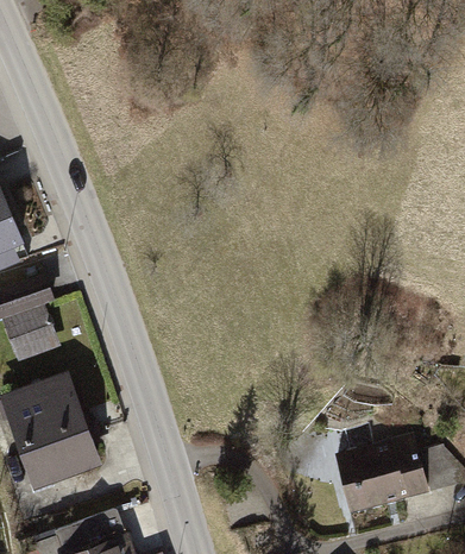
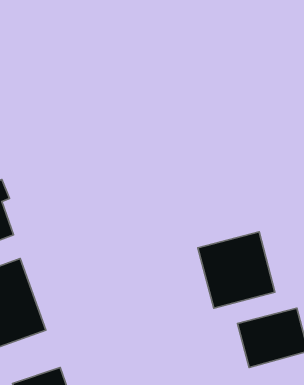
building: none -> [198,232,275,308]

